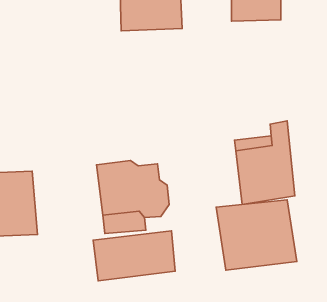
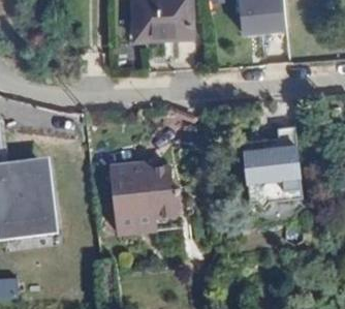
building: [216,200,297,270] -> none
building: [93,231,175,281] -> none

